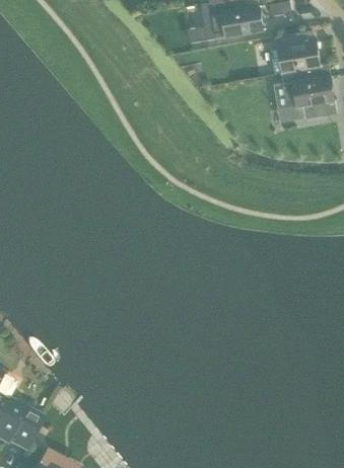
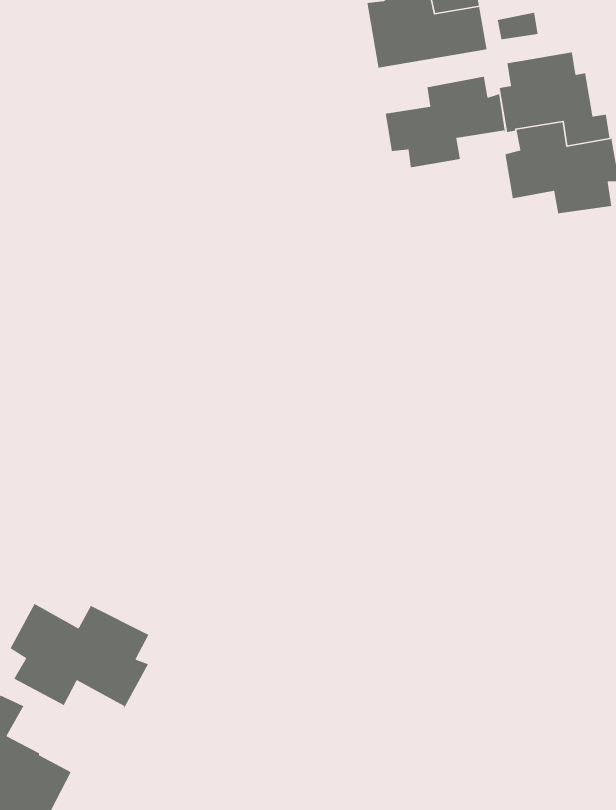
building: none -> [385,76,506,168]
building: none -> [10,603,149,709]

